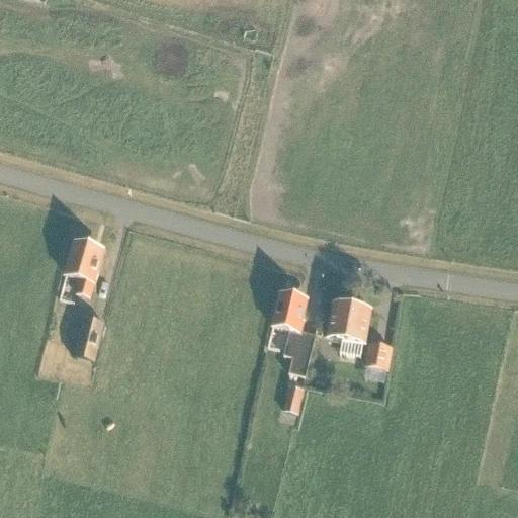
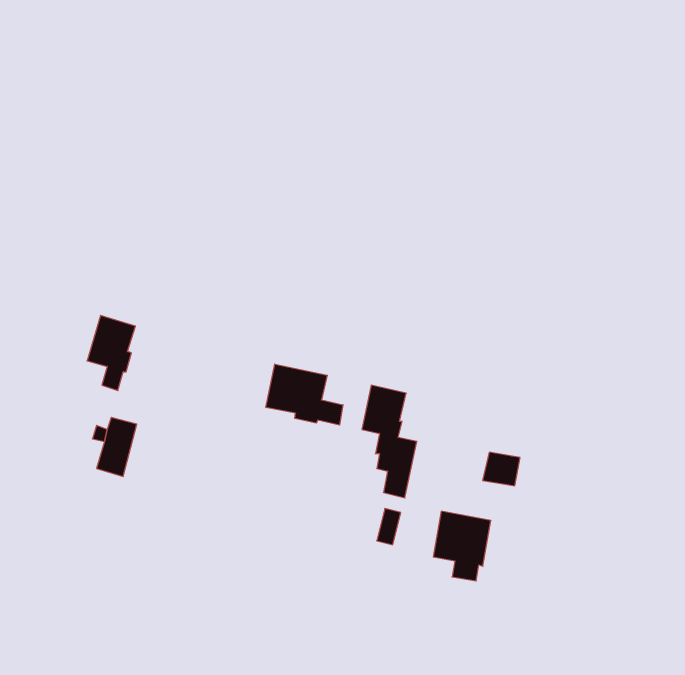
building: none -> [266,364,343,425]
building: [327,299,370,352] -> [433,511,491,581]

